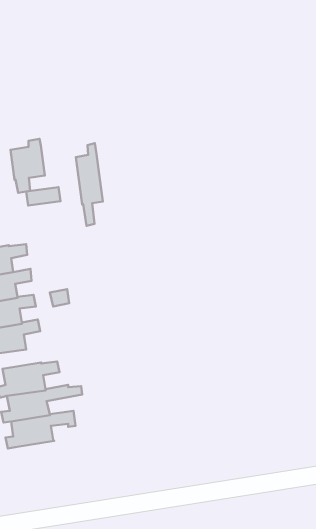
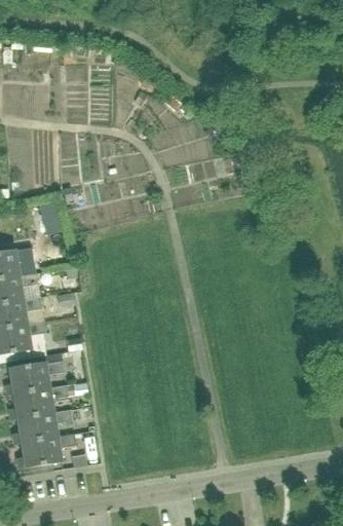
building: [10,139,45,193] -> none
building: [76,143,103,226] -> none
building: none -> [16,434,76,468]

